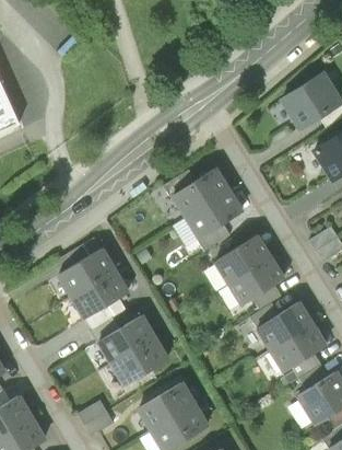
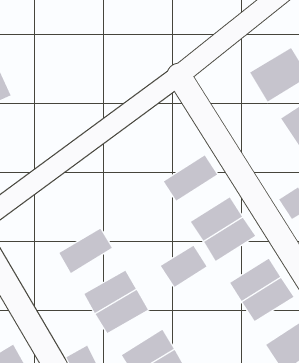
building: [169,168,229,219] -> none
building: [57,247,116,297] -> none
building: none -> [160,245,208,288]

